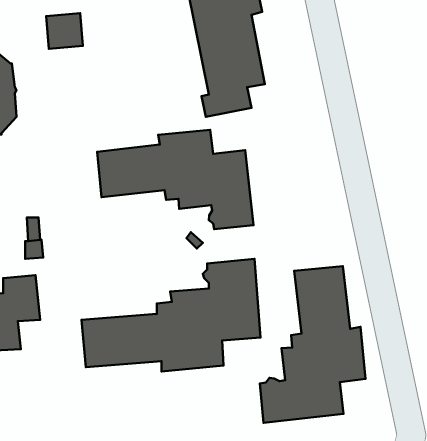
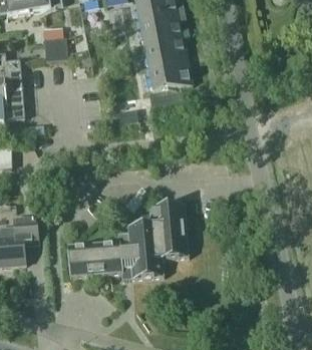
building: [97,130,254,229] -> none
building: [260,266,365,423] -> none

